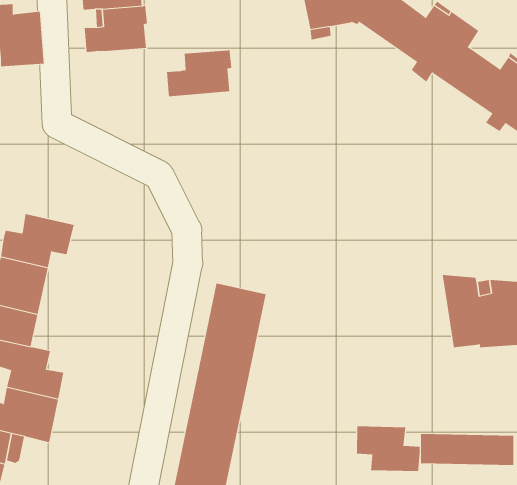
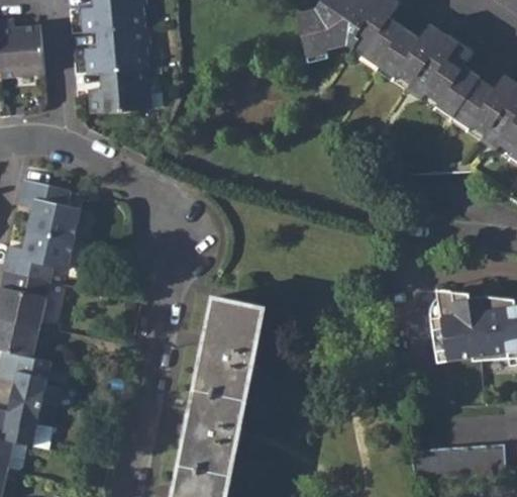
building: [166,49,232,97] -> [86,67,150,113]
building: none -> [16,180,82,240]
building: [357,426,420,472] -> none

